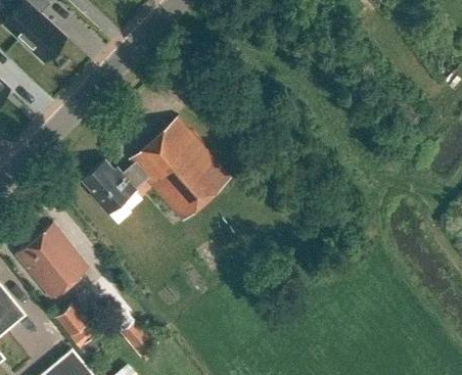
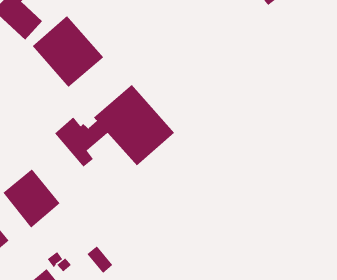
building: none -> [32,15,104,88]
building: [53,304,85,336] -> none

